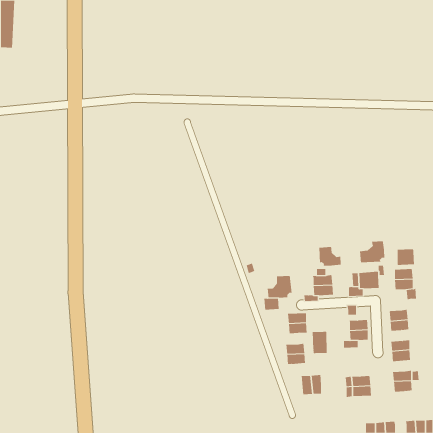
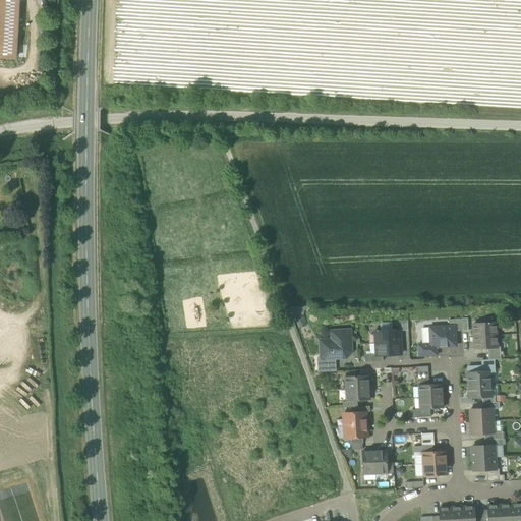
building: [360,241,385,263] -> none
building: [319,246,341,267] -> none
building: [397,248,415,266] -> none
building: [312,331,327,354] -> none

